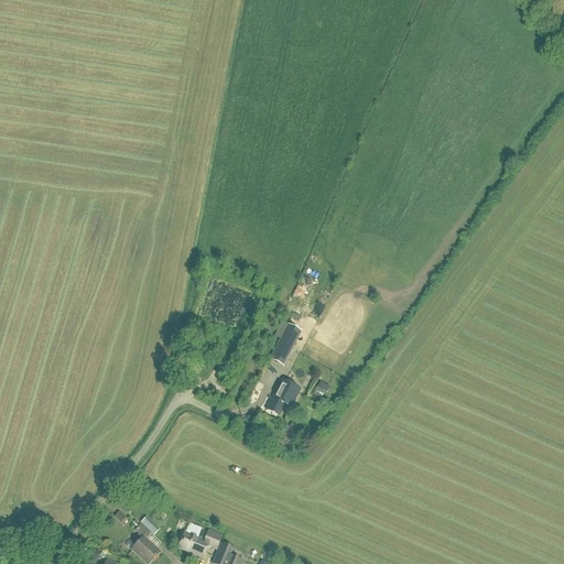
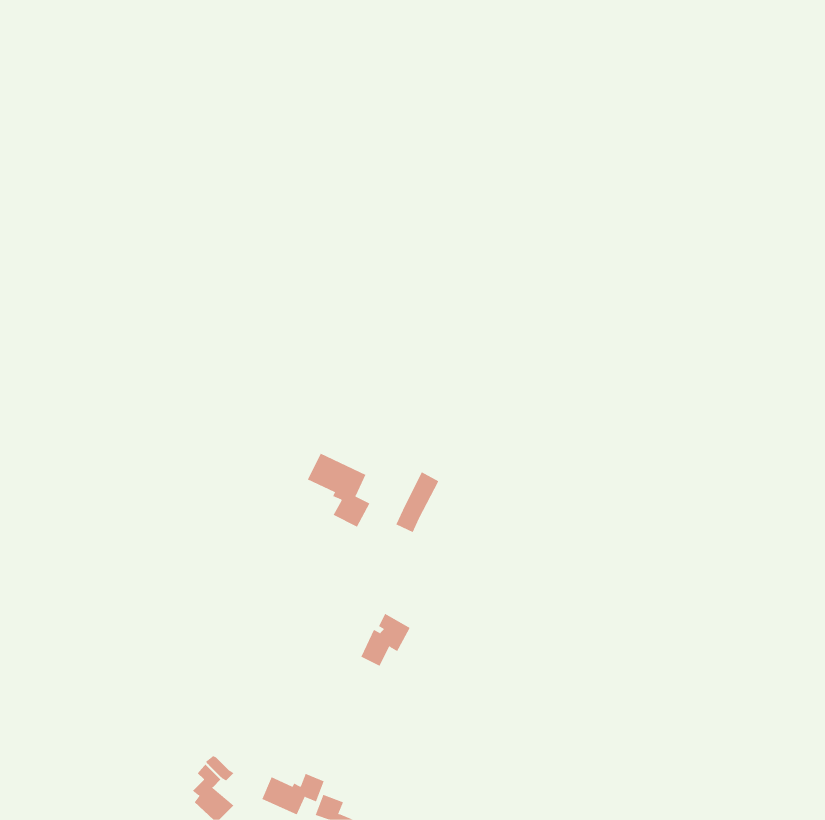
building: none -> [307,453,370,527]
building: [265,378,300,414] -> [360,613,411,666]

